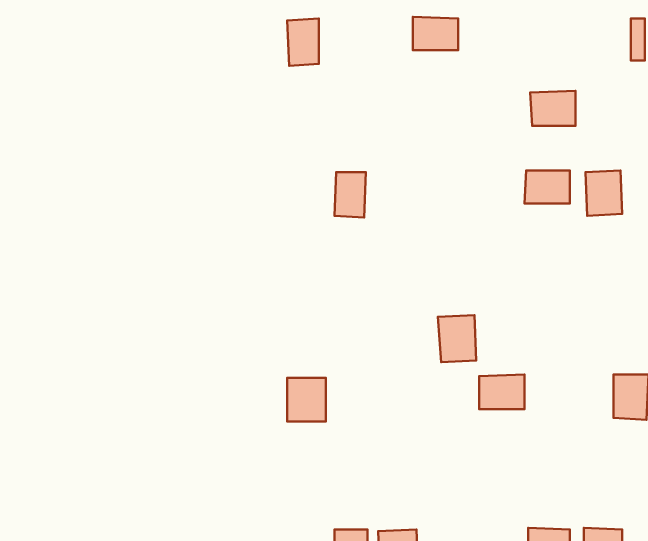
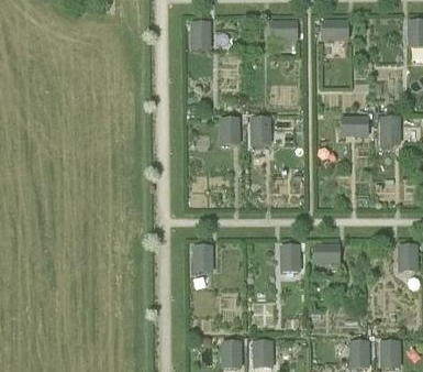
building: [530,91,576,126] -> [321,17,349,39]
building: none -> [248,114,272,144]
building: [438,315,476,362] -> [277,243,301,273]

